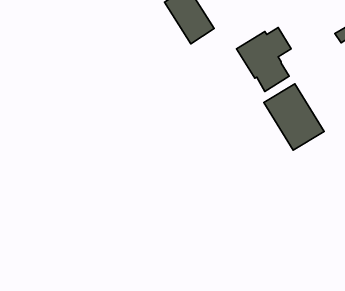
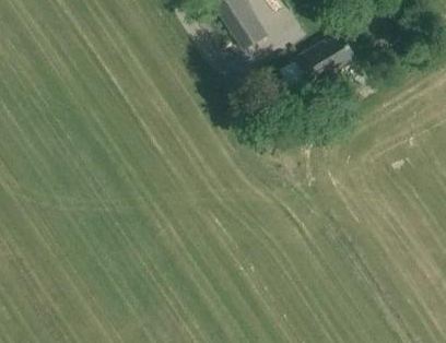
building: [264,84,324,150] -> none

